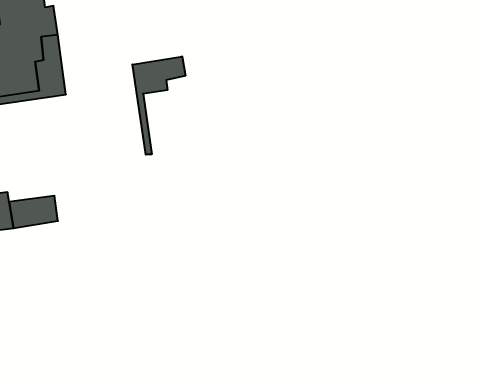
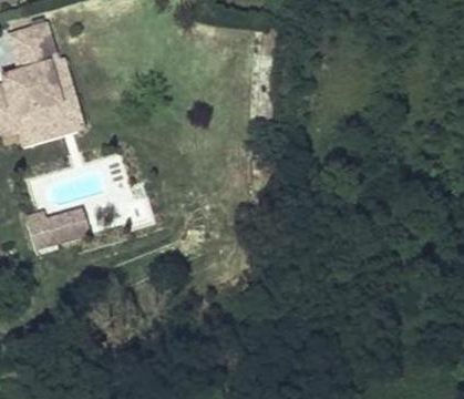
building: [132,56,185,155] -> none

